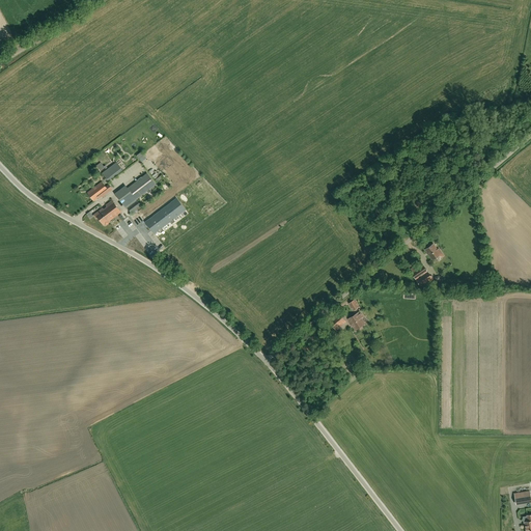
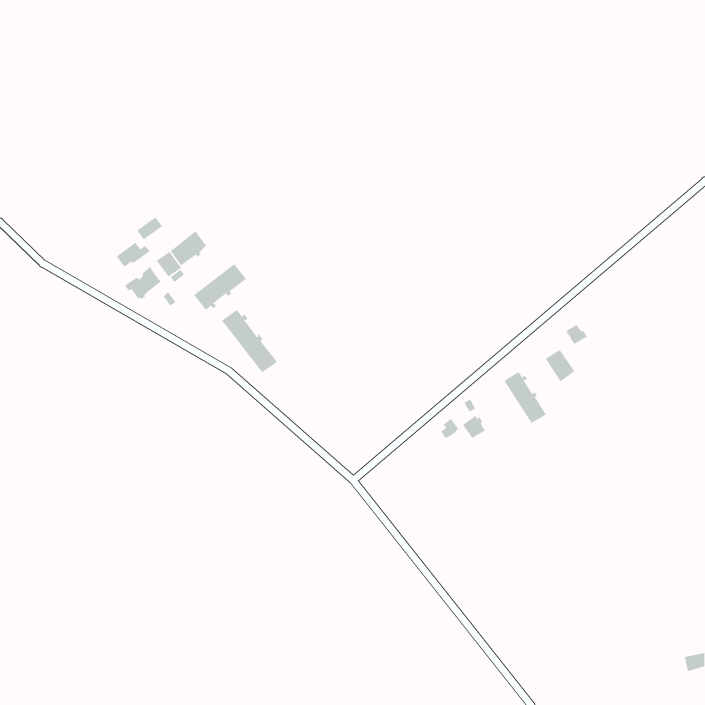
building: none -> [221,309,278,373]
building: none -> [503,371,547,424]

